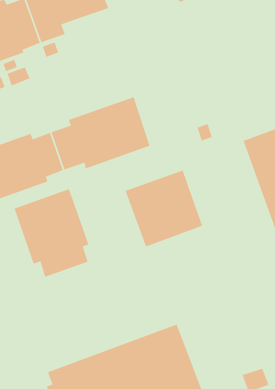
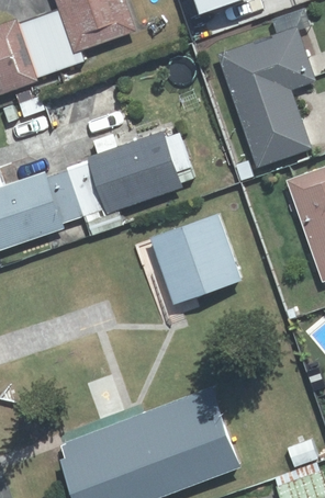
building: none -> [217,29,313,167]
building: [13,188,89,278] -> none

